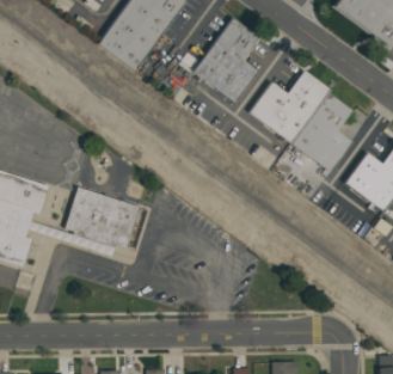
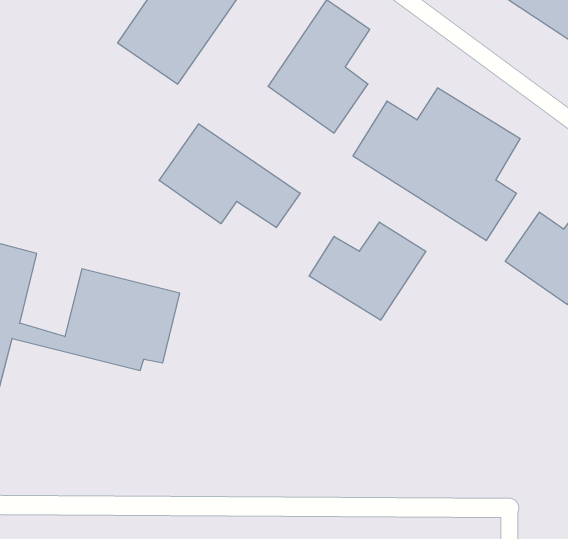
building: none -> [159,124,300,228]
building: none -> [309,222,426,320]

